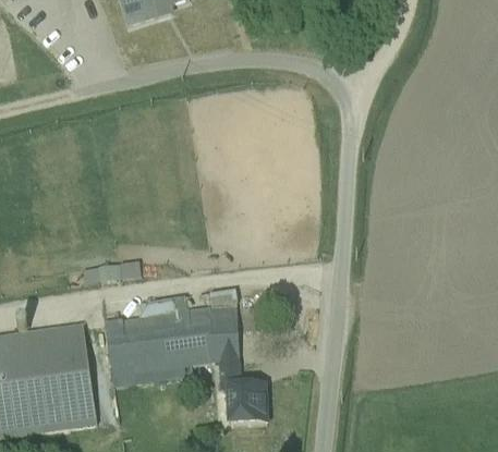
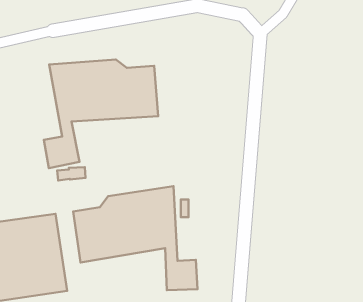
building: none -> [44,59,158,168]

